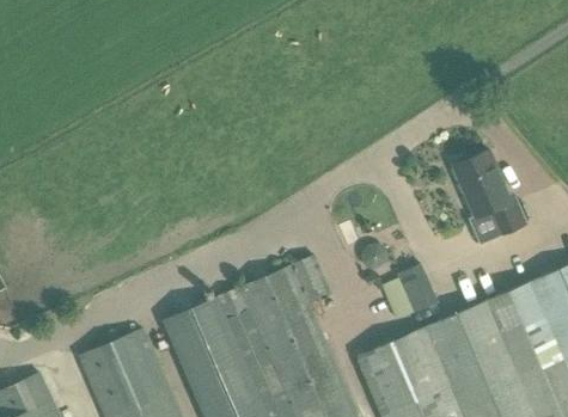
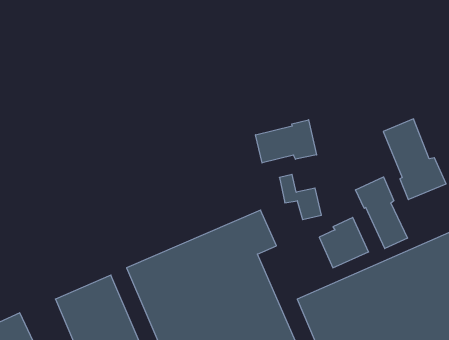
building: none -> [256,120,317,163]
building: none -> [356,177,407,249]

